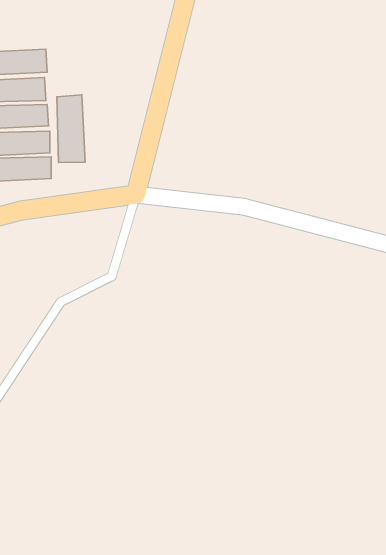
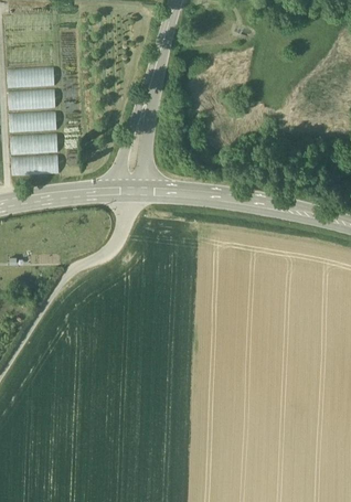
building: [57,95,85,162] -> none

